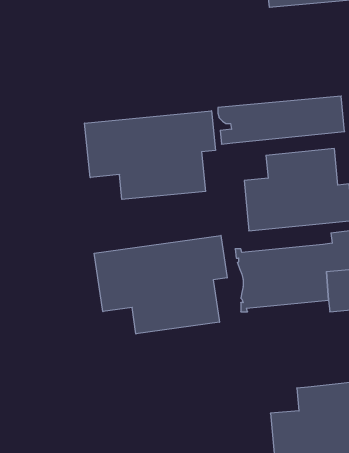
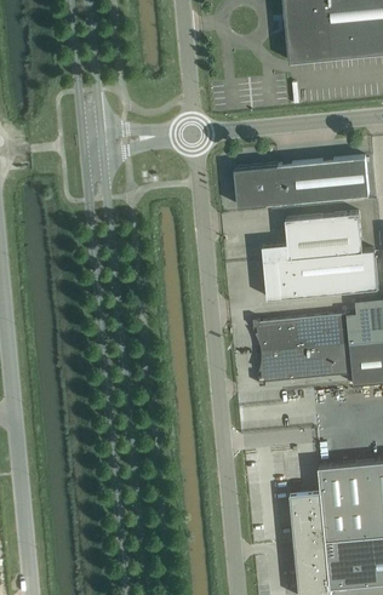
building: [85,111,215,199] -> none
building: [94,235,227,334] -> none

